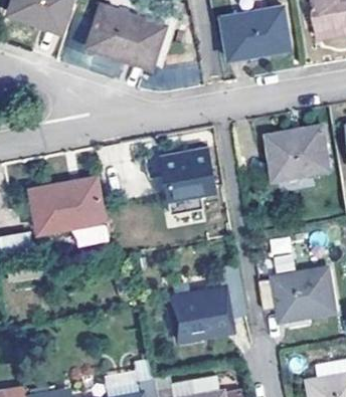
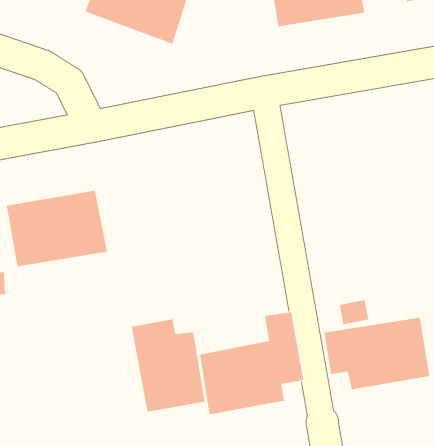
building: [269,125,332,181] -> none
building: [159,148,213,200] -> none
building: none -> [131,319,206,413]

